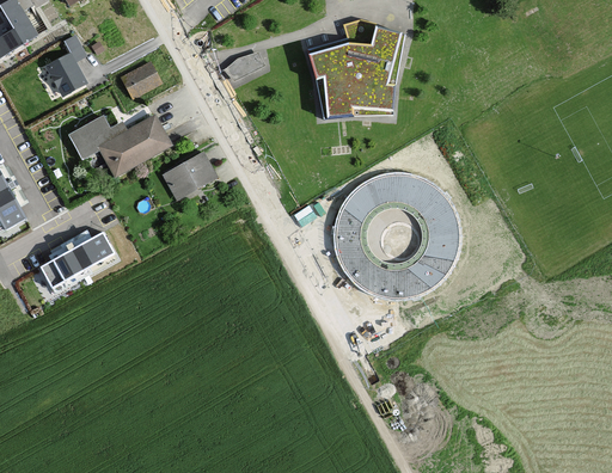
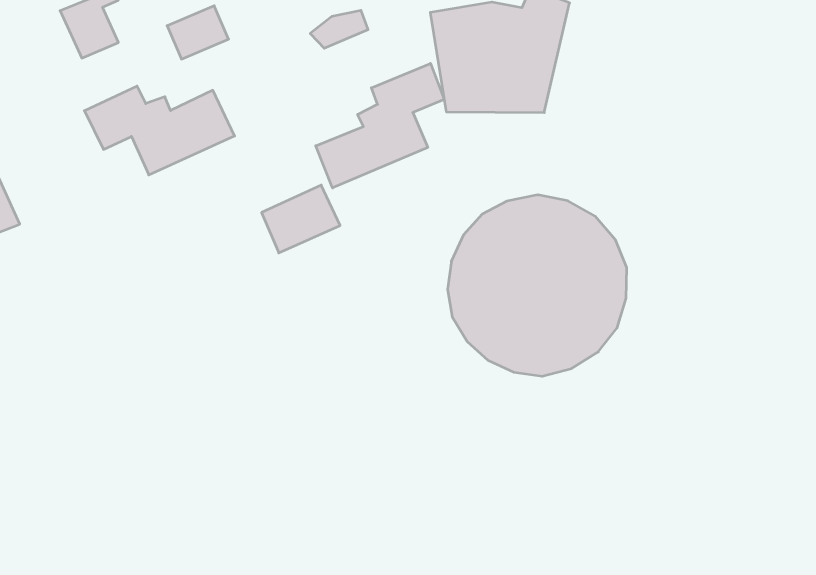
building: none -> [316,63,444,188]
building: [161,150,218,201] -> [262,185,340,253]
building: [27,232,114,297] -> none

